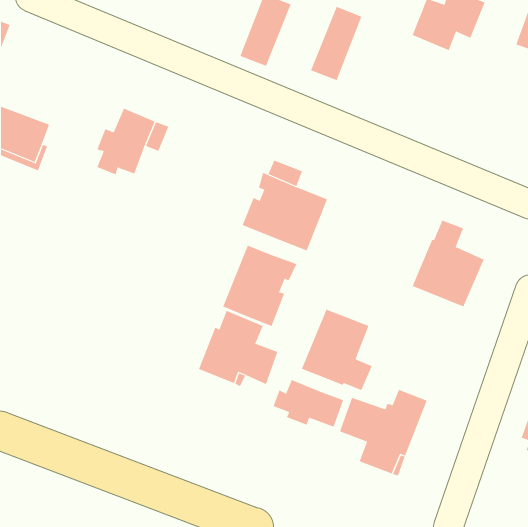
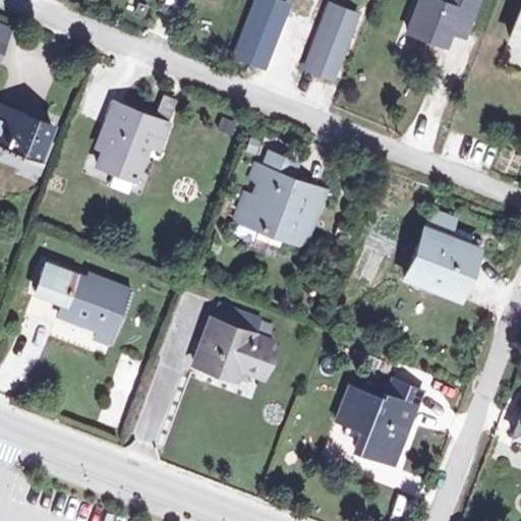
building: [223,245,297,327] -> none
building: none -> [37,260,132,334]
building: [301,309,372,391] -> none
building: [273,379,344,427] -> none

